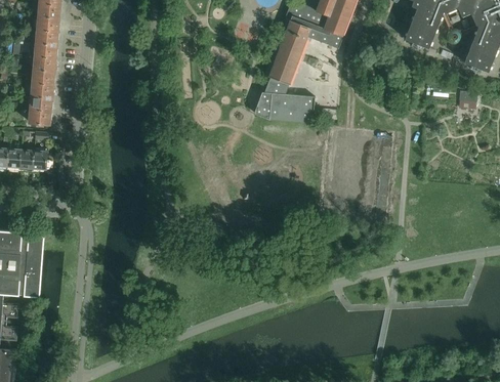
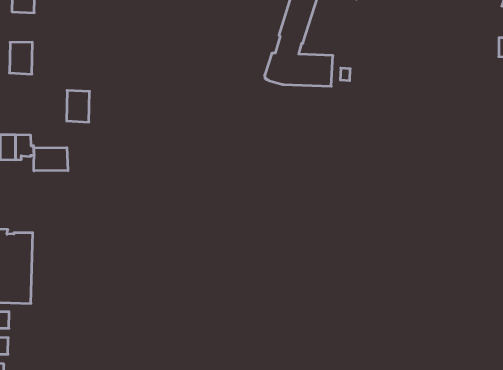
building: [34,42,56,70] -> none
building: [30,95,51,124] -> [67,90,90,122]
building: none -> [34,148,68,171]

